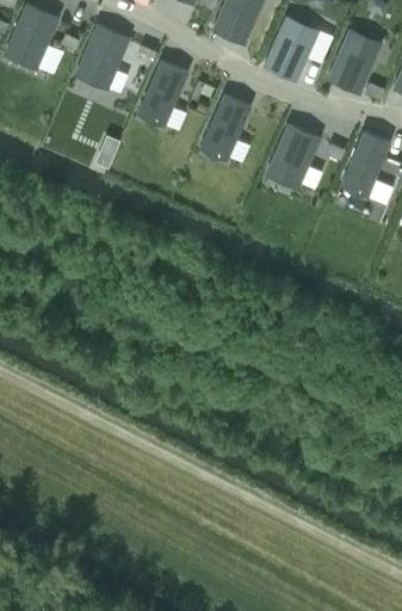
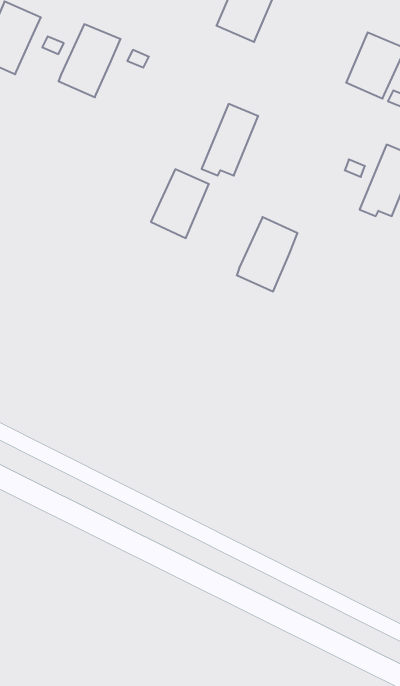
building: [265,19,317,78] -> none
building: [138,61,190,122] -> [151,169,209,238]
building: [267,123,321,189] -> [237,217,298,291]

